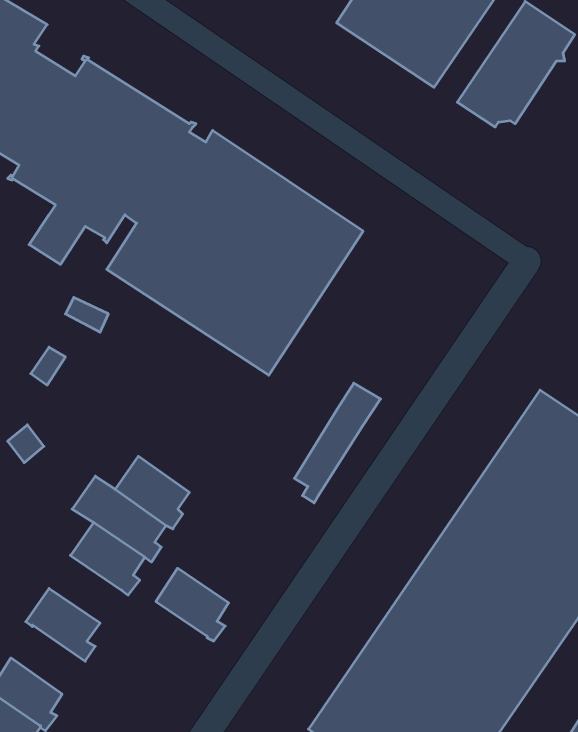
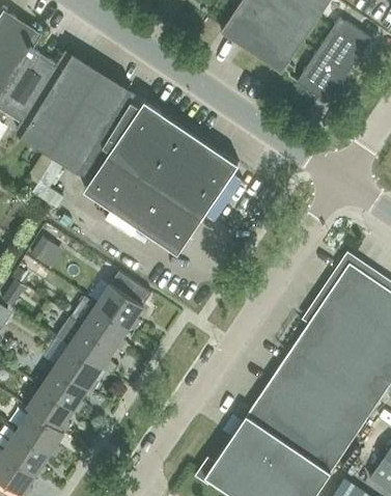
building: [294,383,381,503] -> none
building: none -> [96,272,150,329]
building: [156,568,229,641] -> [40,366,86,412]
building: none -> [17,410,63,457]

